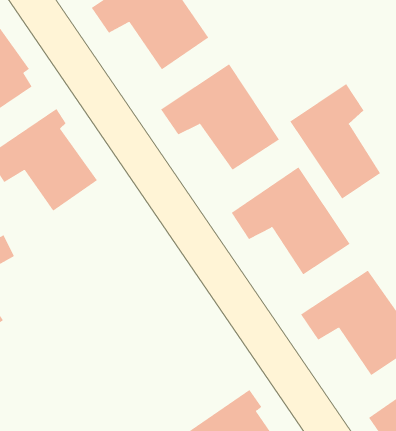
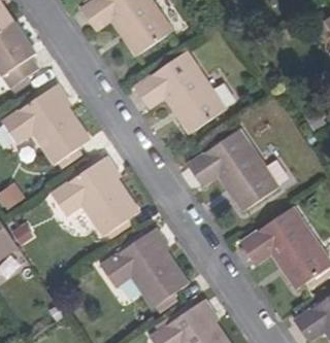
building: [290,83,381,200] -> none
building: none -> [53,157,136,236]
building: none -> [101,227,186,307]

